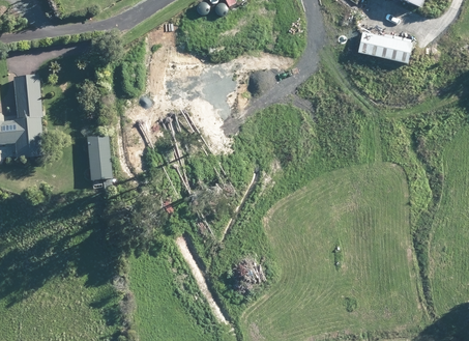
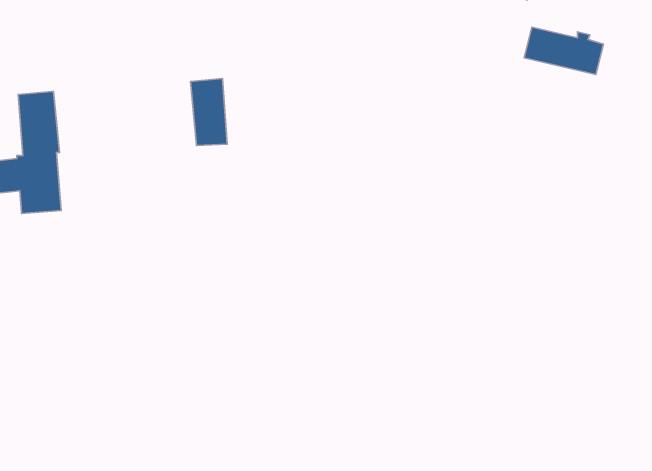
building: [87,134,112,179] -> [190,78,227,146]

